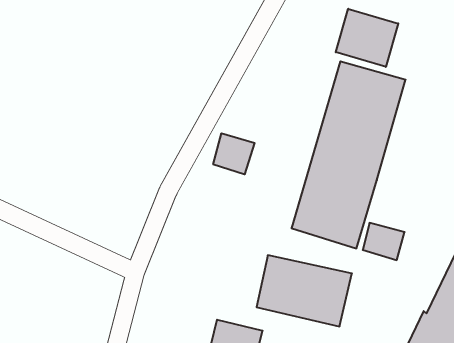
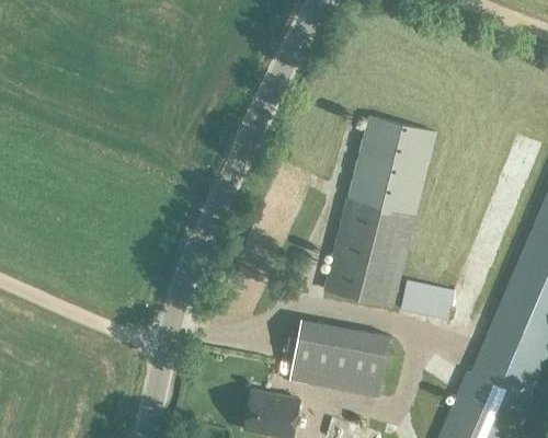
building: [336,9,398,67] -> none
building: [213,133,255,174] -> none

